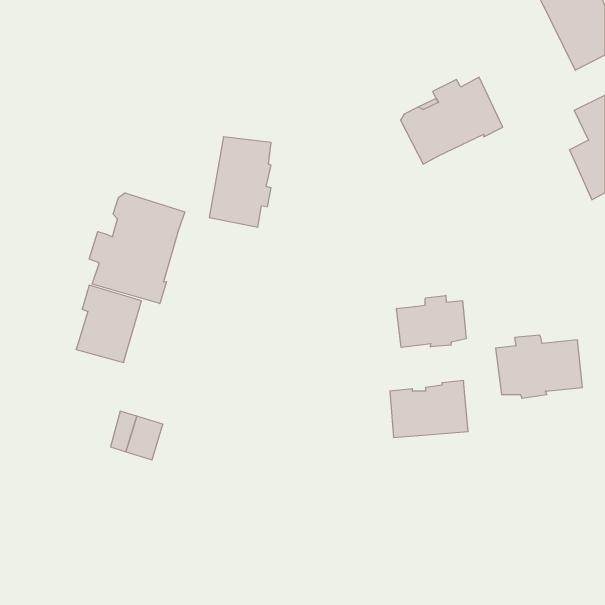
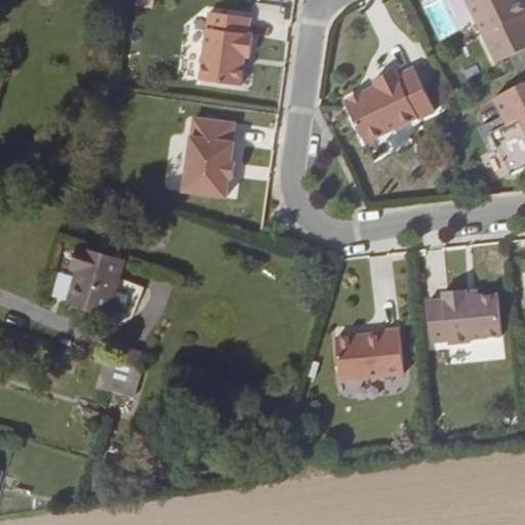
building: none -> [200,12,252,85]
building: [89,193,185,304] -> none
building: [397,295,466,347] -> none

